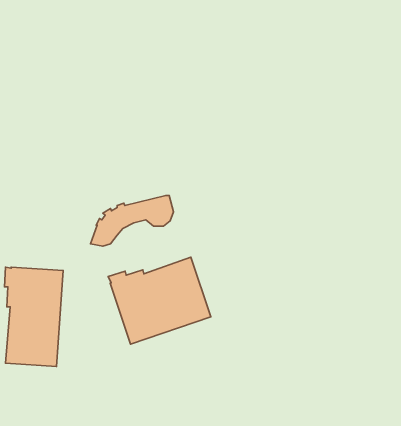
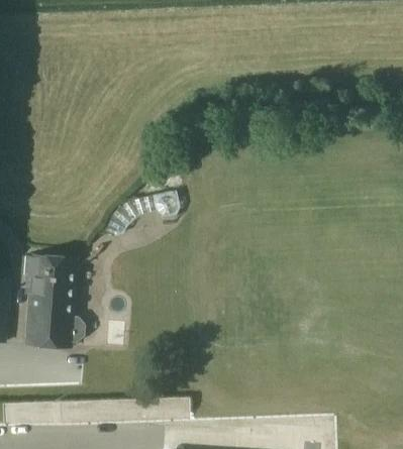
building: [108,257,211,344] -> none

